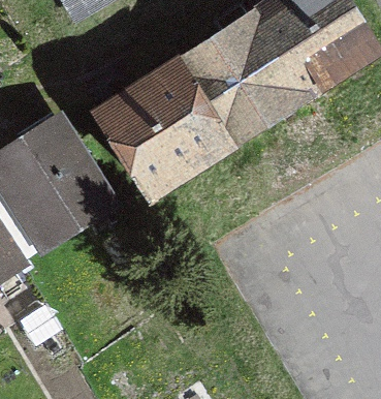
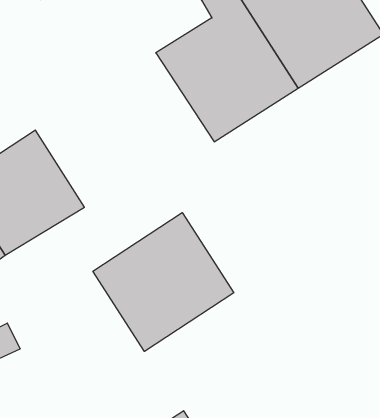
building: [100,66,226,193] -> none
building: none -> [93,213,234,351]

